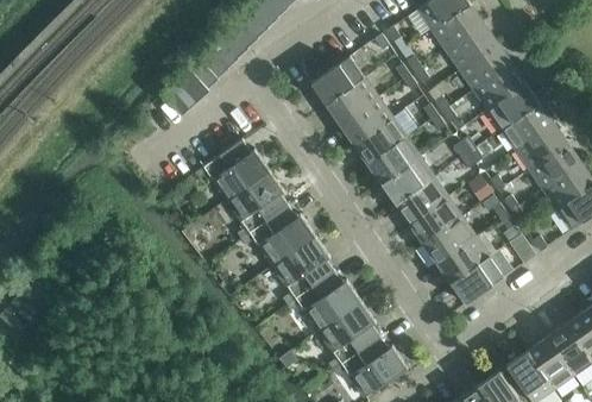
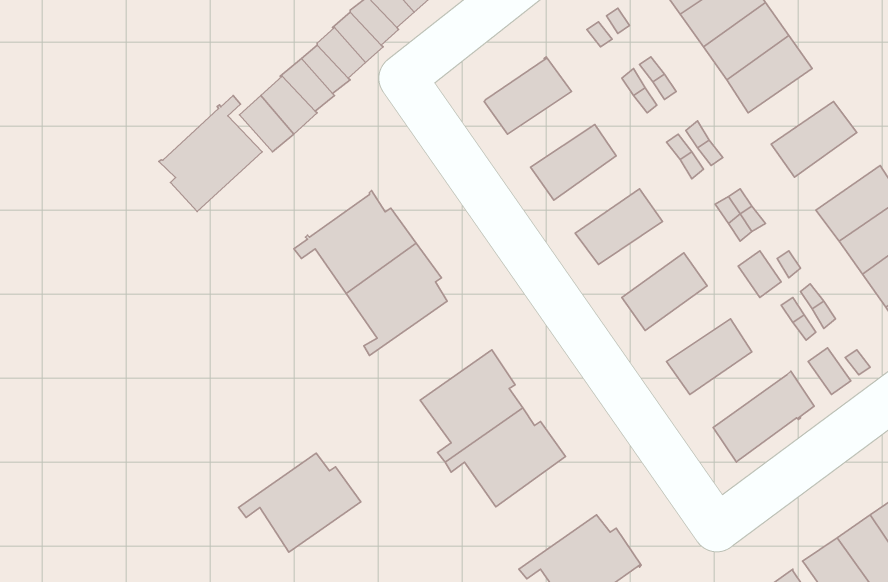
building: [472,63,524,109] -> none
building: [325,77,378,124] -> none
building: none -> [159,95,262,211]
building: [500,102,553,150] -> none
building: [353,117,405,164] -> none
building: [380,157,433,203] -> none
building: [409,196,461,243] -> none
building: [240,206,315,266] -> [238,453,361,552]
building: [436,232,496,283] -> none
building: [317,301,379,370] -> none

